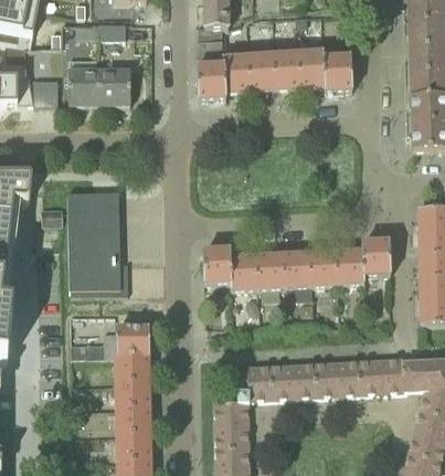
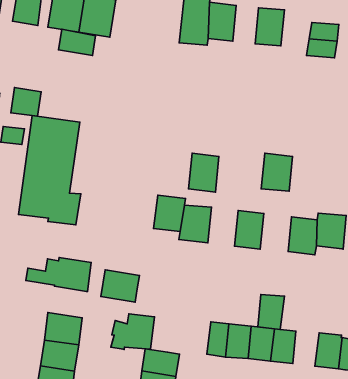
building: [296,50,325,86] -> none
building: [248,53,273,89] -> none
building: none -> [58,29,96,55]
building: none -> [11,87,41,116]
building: [308,251,338,287] -> [261,153,293,191]
building: [256,253,285,289] -> [189,153,219,192]
building: [114,356,148,382] -> [101,270,139,302]
building: [358,359,382,393] -> [258,294,284,329]
building: [235,366,275,402] -> [111,314,154,349]

